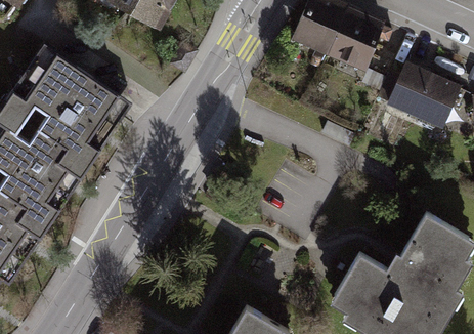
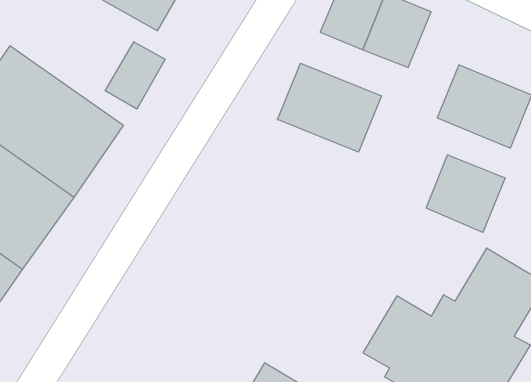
building: none -> [105,42,165,109]
building: none -> [277,63,381,152]
building: none -> [426,155,505,232]

